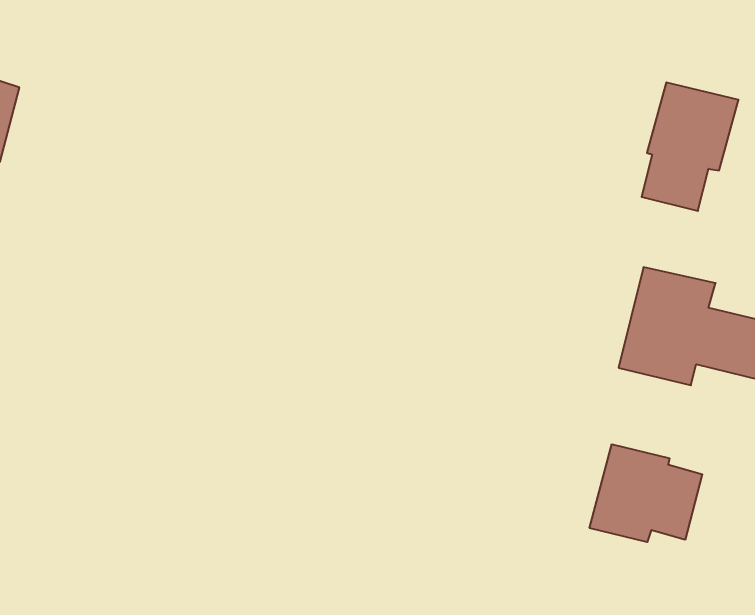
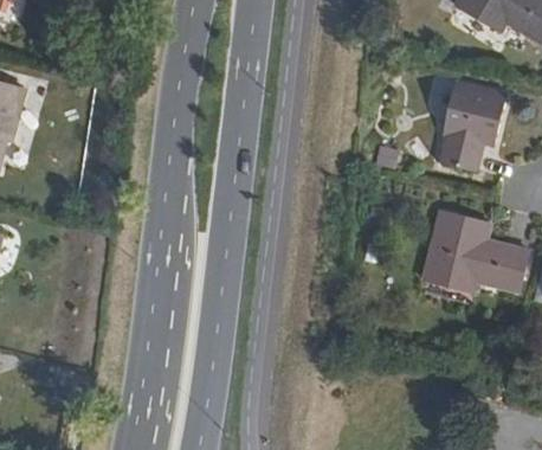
building: [590,444,702,542] -> none

